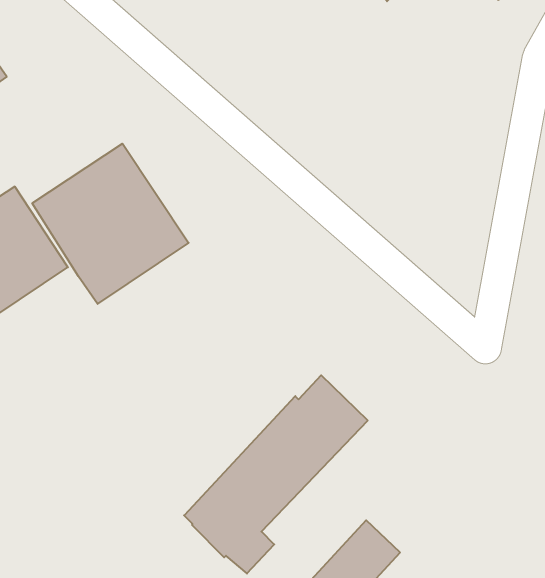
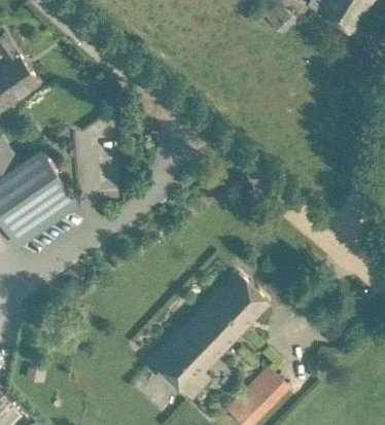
building: [32,144,189,304] -> none

